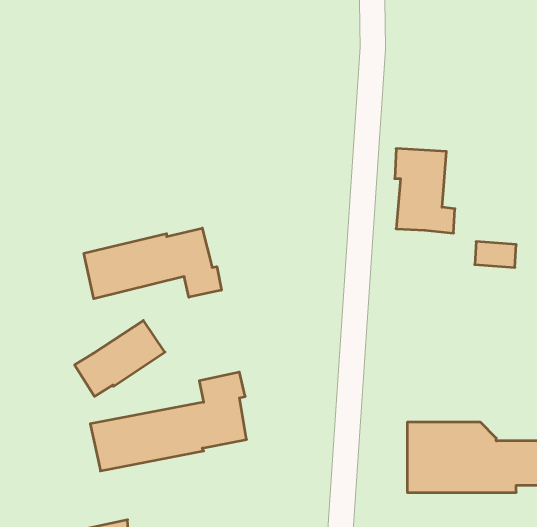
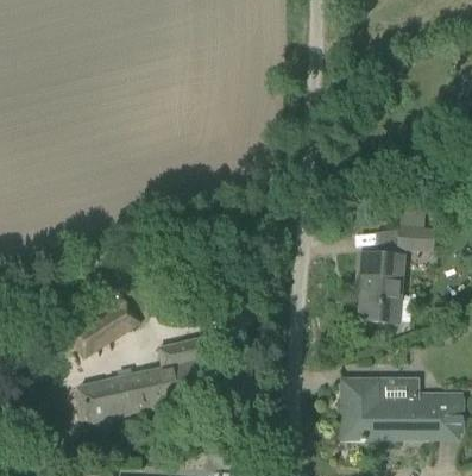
building: [395,149,455,233] -> [358,253,408,324]
building: [84,228,221,299] -> none

